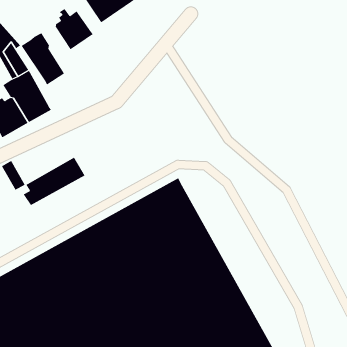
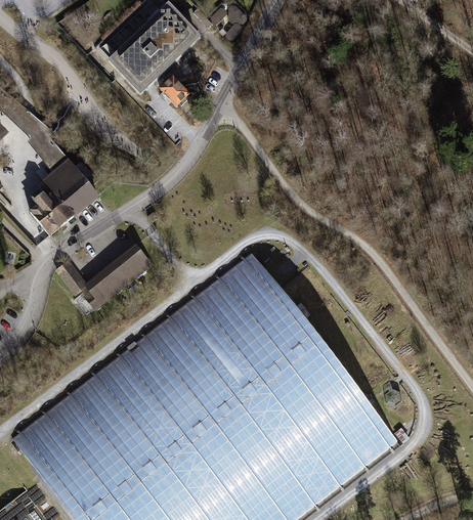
building: [55,8,94,50] -> none
building: none -> [160,78,188,106]
building: [21,32,65,86] -> none

